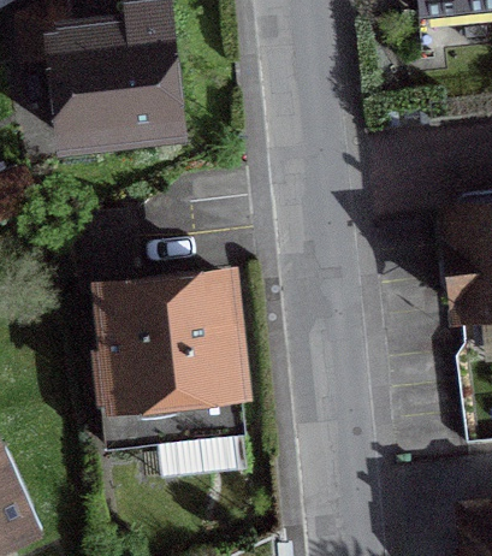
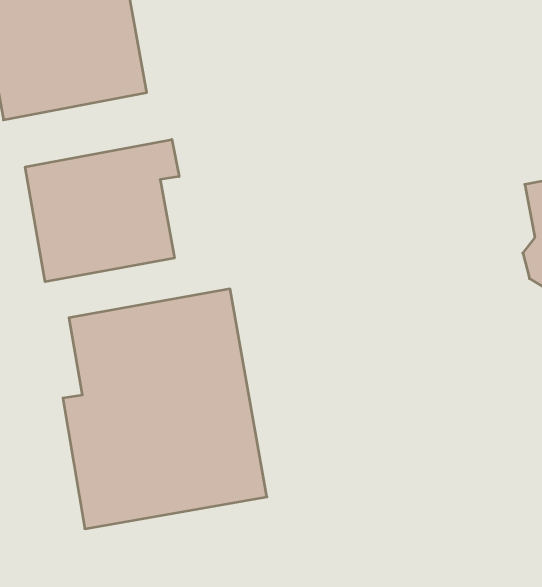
building: none -> [25,139,179,282]

